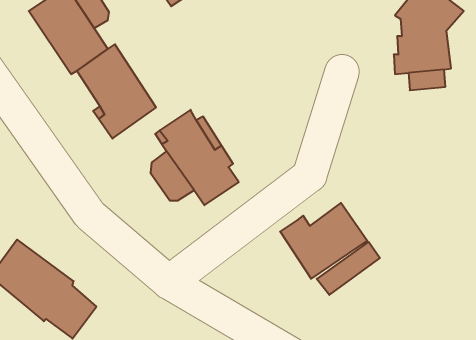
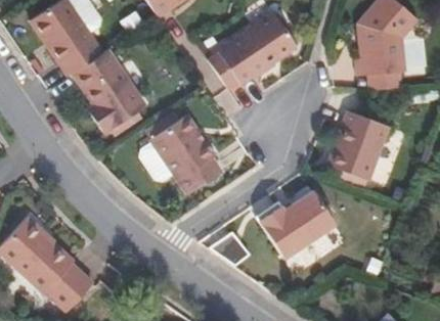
building: none -> [211,14,297,90]
building: none -> [329,110,389,190]

